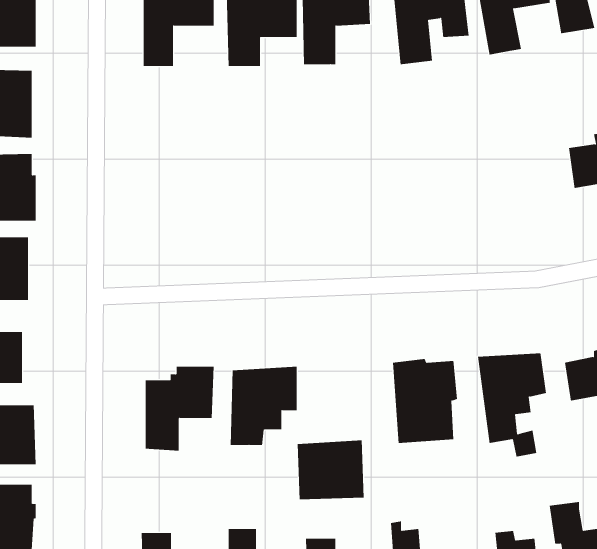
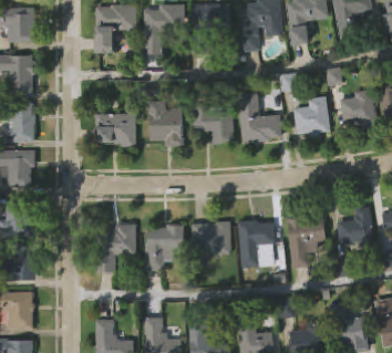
building: none -> [236,93,278,143]
building: none -> [289,97,326,136]
building: none -> [145,101,180,146]
building: none -> [189,102,231,144]
building: none -> [95,114,136,146]
building: [297,440,364,500] -> [193,221,231,256]

